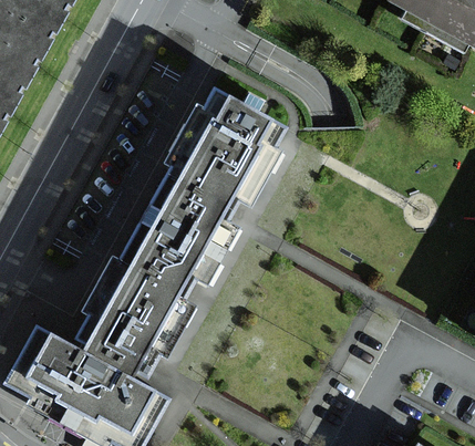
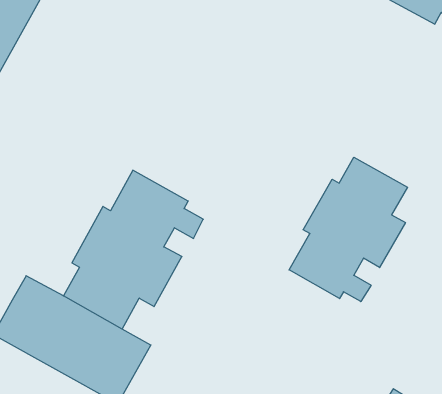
building: [149,85,292,247] -> none
building: none -> [289,157,408,302]

